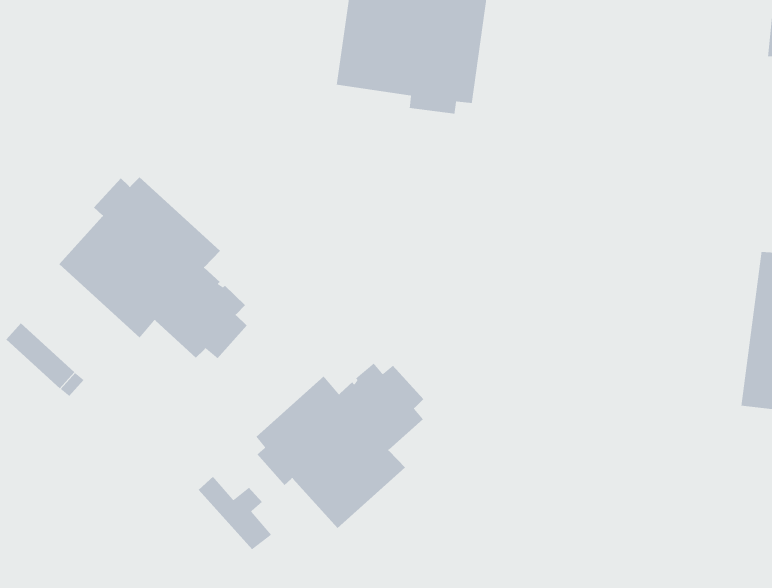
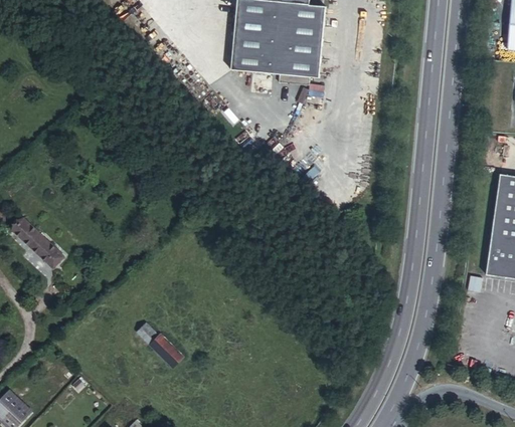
building: [58,177,247,359] -> none
building: [255,362,424,529] -> none

